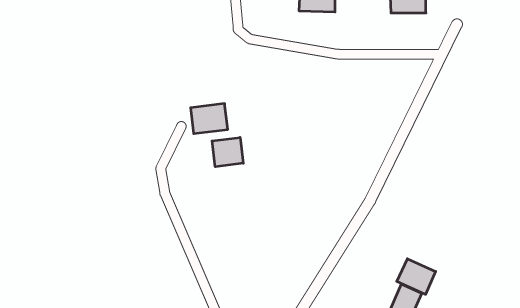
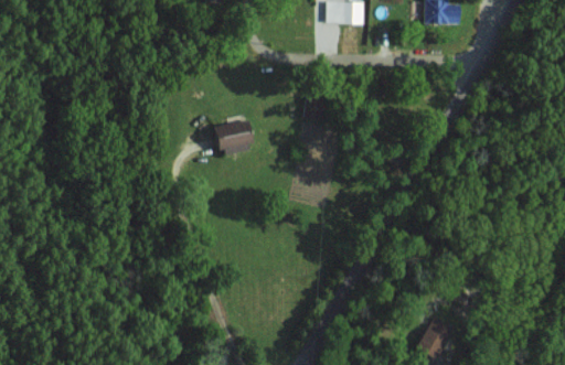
building: [212,137,243,167] -> none
building: [397,259,436,294] -> none

